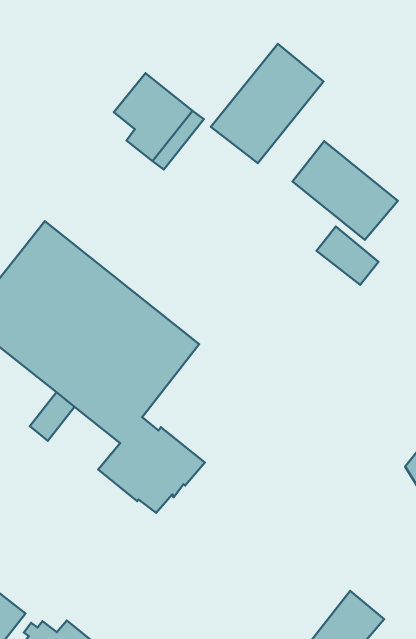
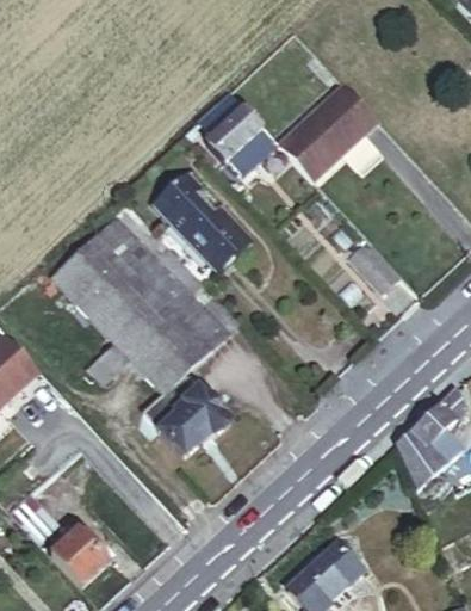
building: [293,141,398,240] -> none
building: none -> [154,169,255,276]

